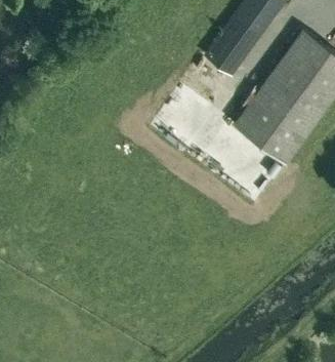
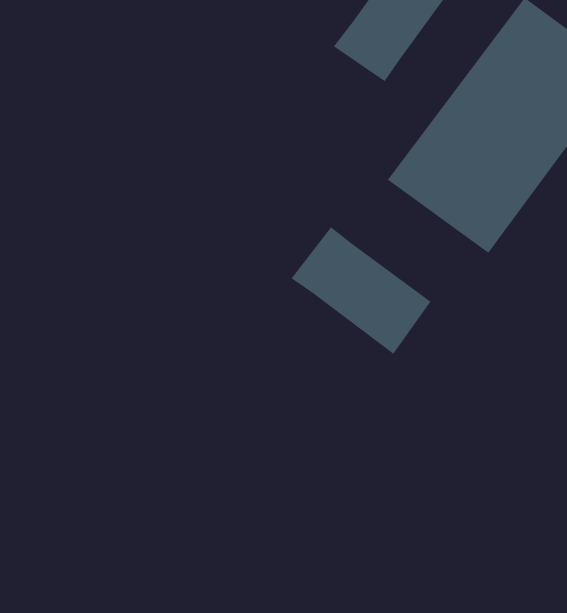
building: none -> [291,226,432,355]

